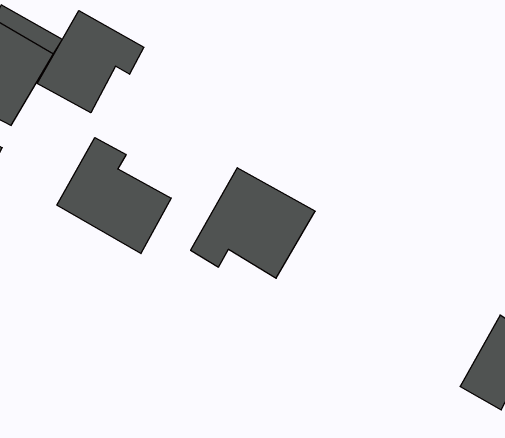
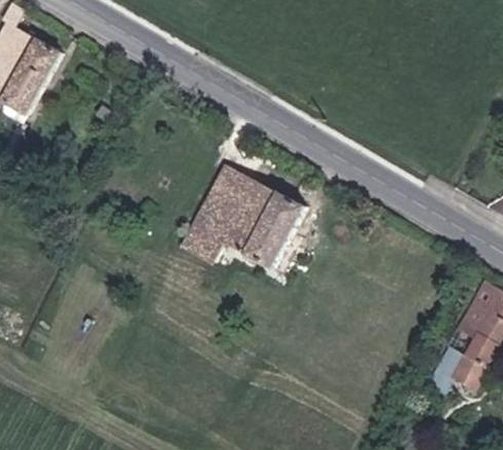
building: [37,11,144,113] -> none
building: [57,138,171,254] -> none

